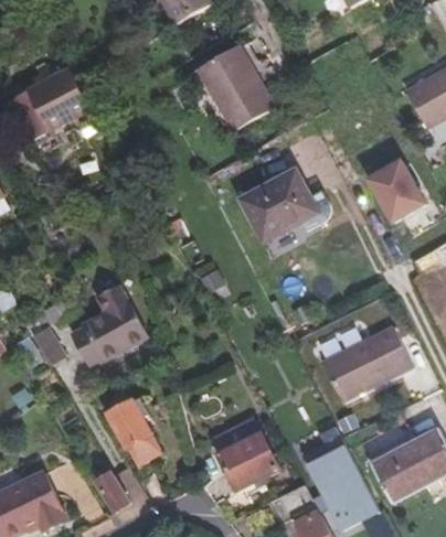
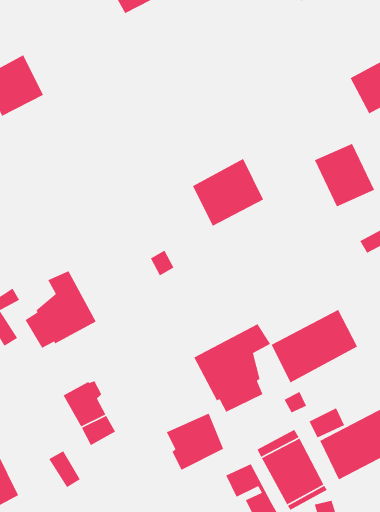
building: [198,44,275,128] -> none
building: none -> [193,323,271,413]

